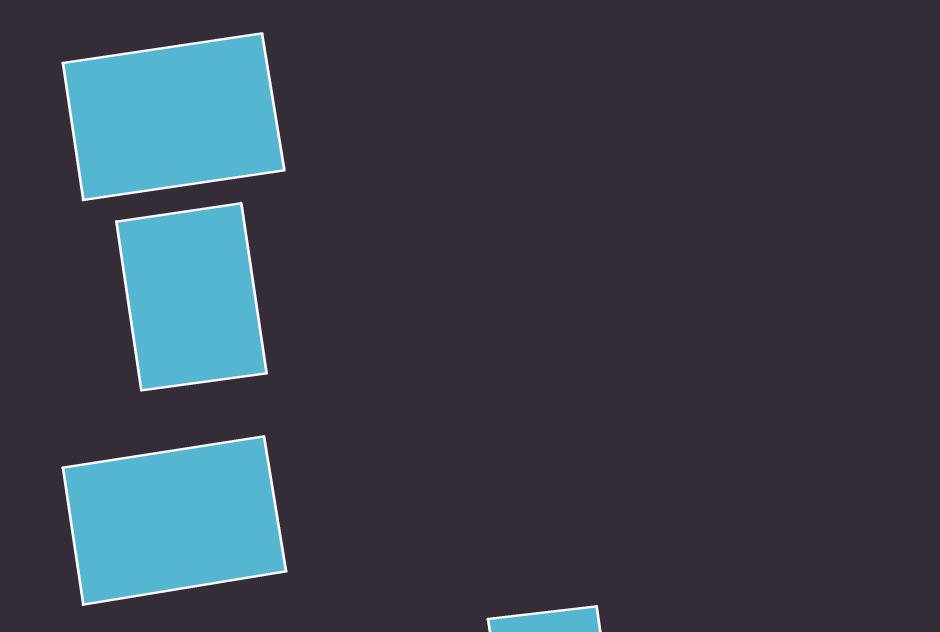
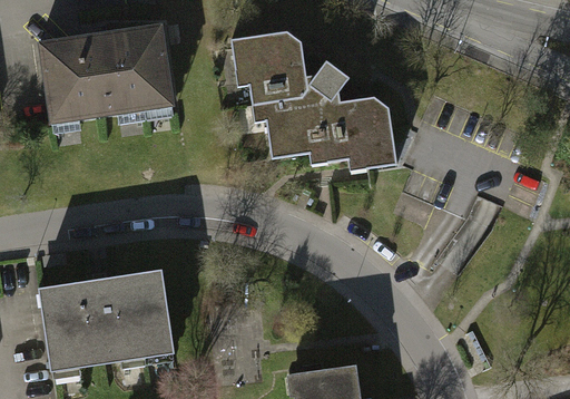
building: none -> [230,32,395,171]
building: [116,203,267,390] -> none

